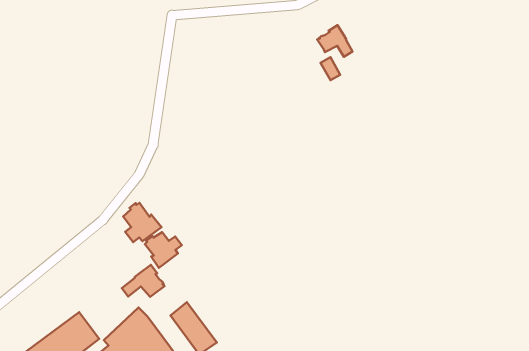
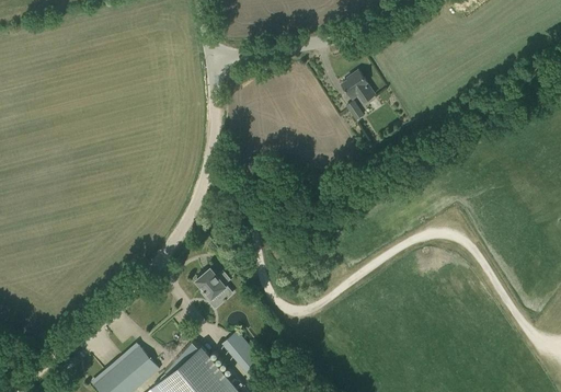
building: [123,203,161,242] -> none
building: [122,265,165,297] -> none

